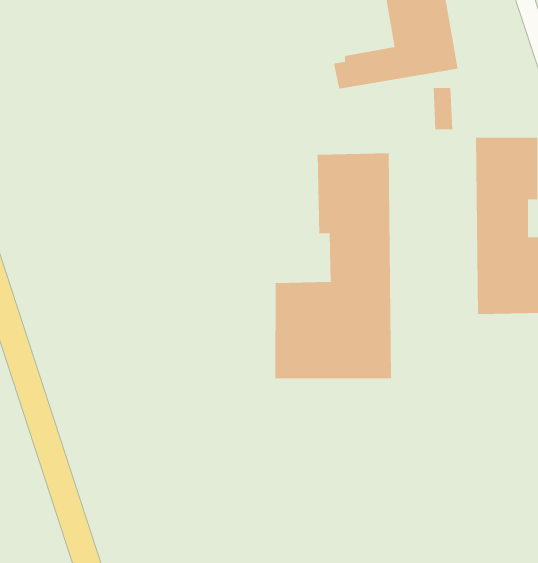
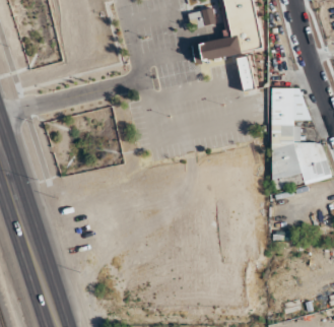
building: [275,152,392,379] -> none

